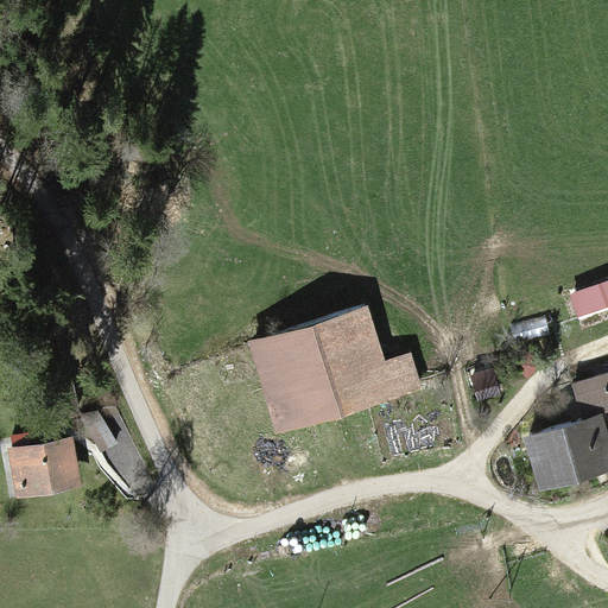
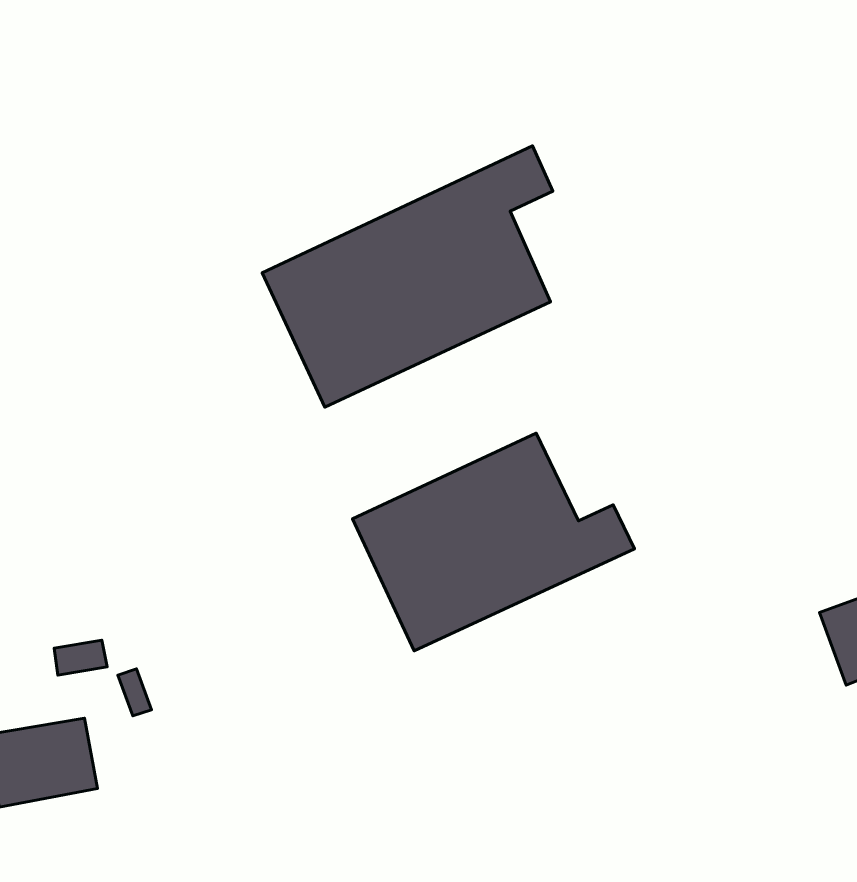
building: none -> [262,146,553,407]

